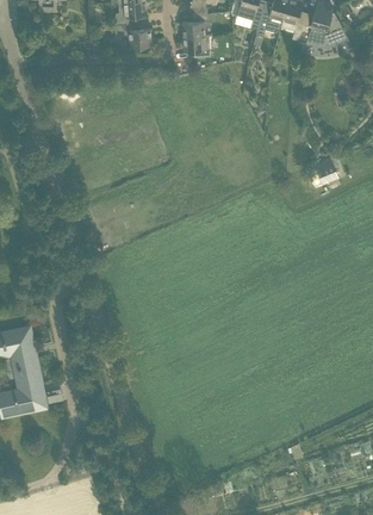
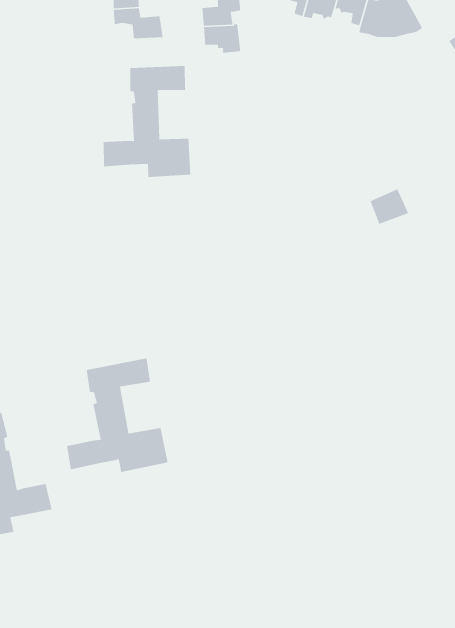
building: none -> [103,65,191,178]
building: none -> [66,358,168,473]

